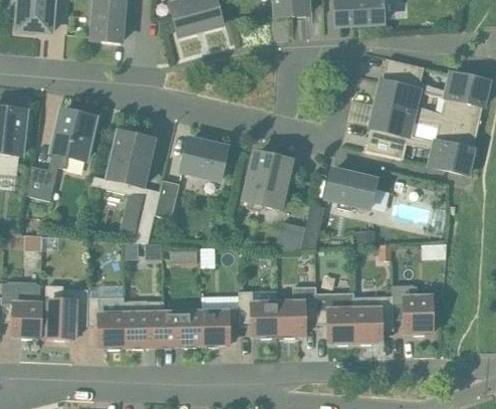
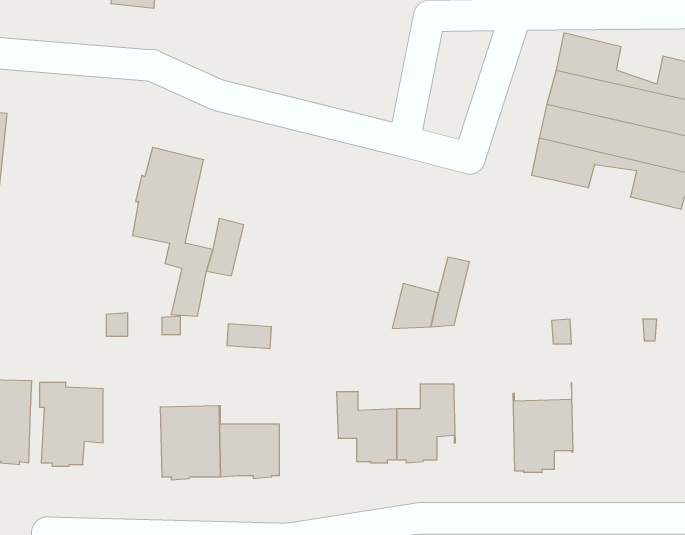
building: [27,112,94,201] -> none
building: [182,141,228,179] -> none
building: [244,154,290,209] -> none
building: [326,170,375,210] -> none
building: [392,284,432,335] -> none
building: [202,291,240,347] -> none
building: [315,292,354,344] -> none
building: [87,296,126,349] -> none

